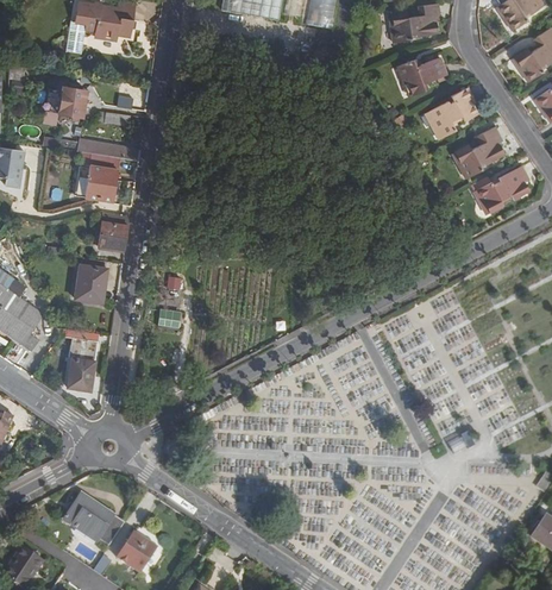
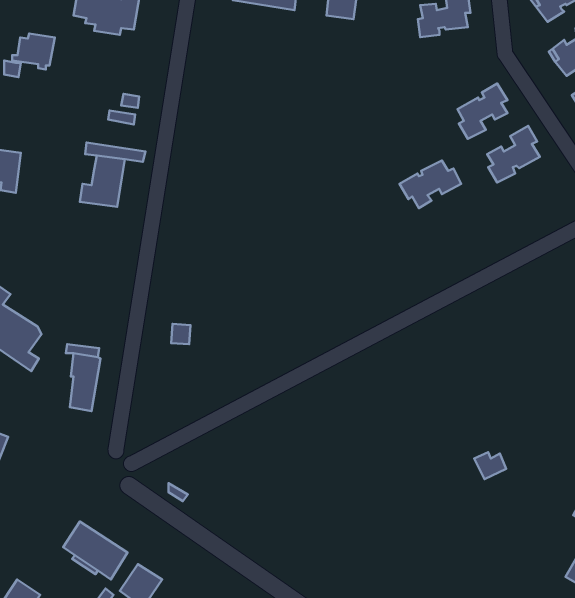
building: [399,57,446,94] -> none
building: [46,86,86,119] -> [12,33,55,69]
building: [472,170,529,214] -> [399,161,461,208]
building: [98,211,130,249] -> none
building: [73,263,106,301] -> none

